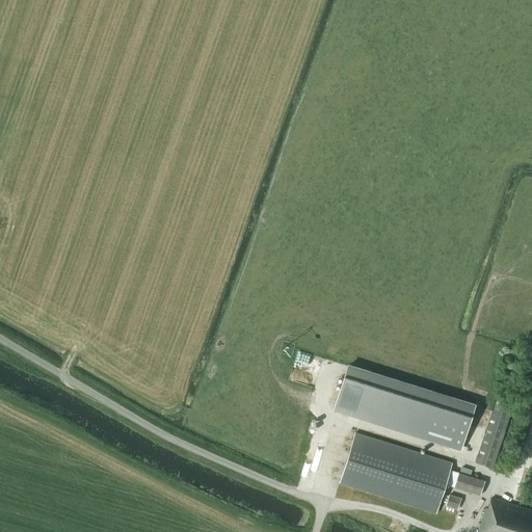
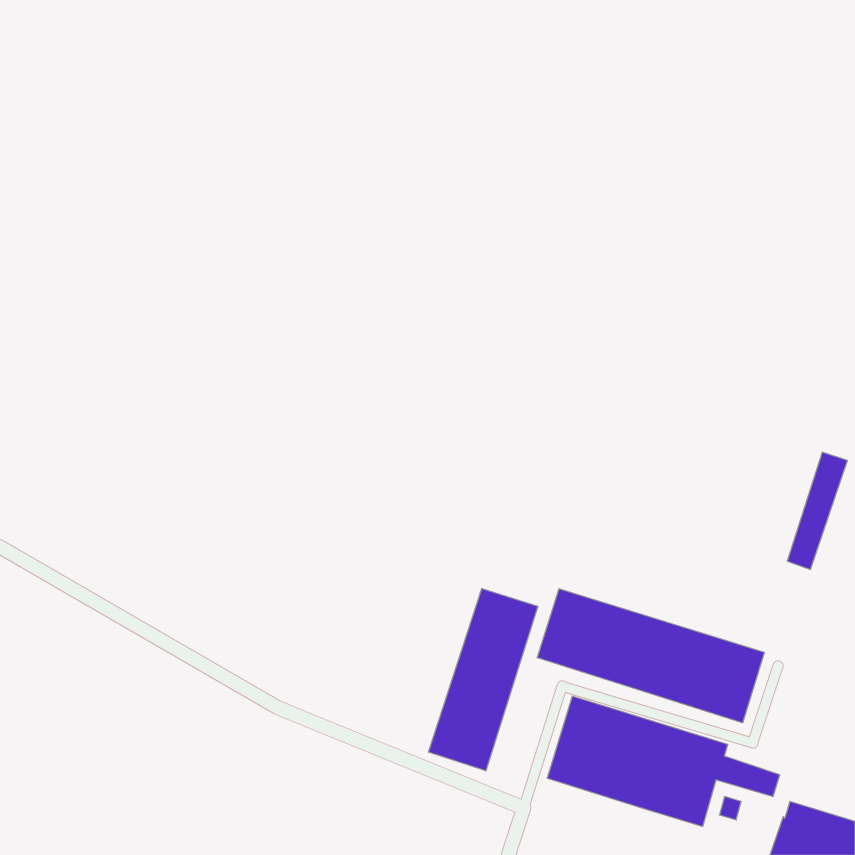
building: none -> [429,588,538,771]
building: [477,395,514,468] -> [787,452,847,569]

